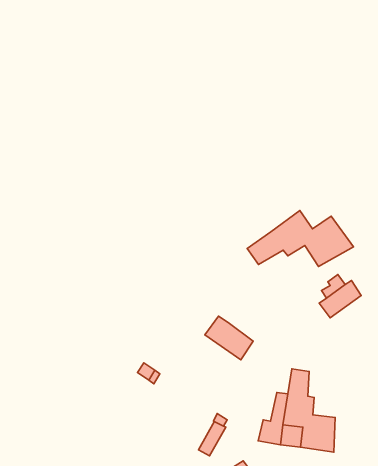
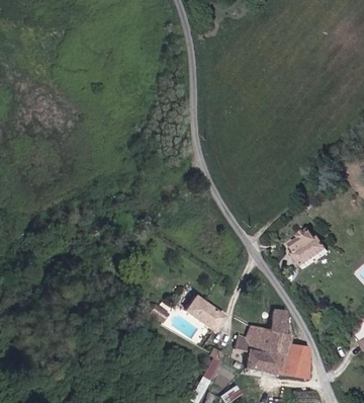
building: [247,210,353,266] -> none
building: [205,316,253,360] -> [183,294,222,329]
building: none -> [235,325,261,351]

